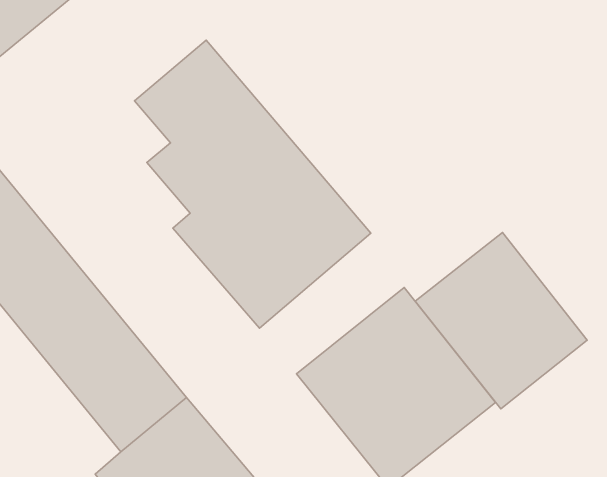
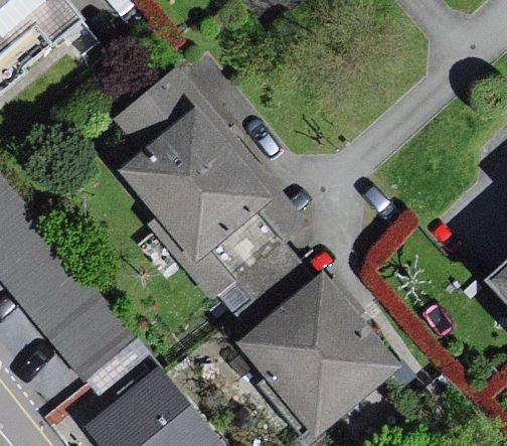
building: [415,233,587,409] -> none

